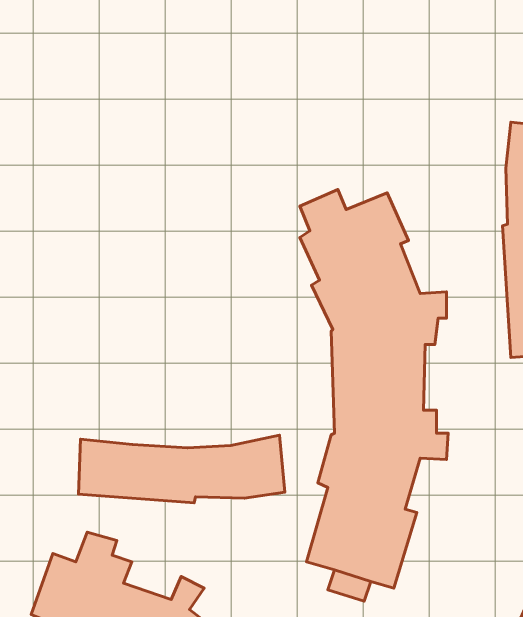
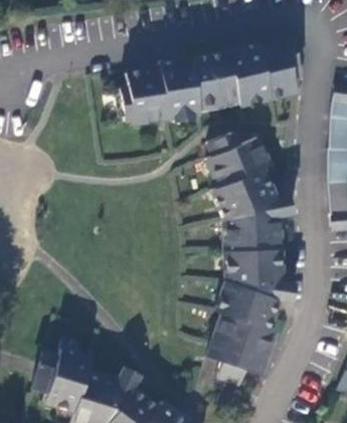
building: none -> [113,41,296,129]
building: [78,435,285,503] -> none

